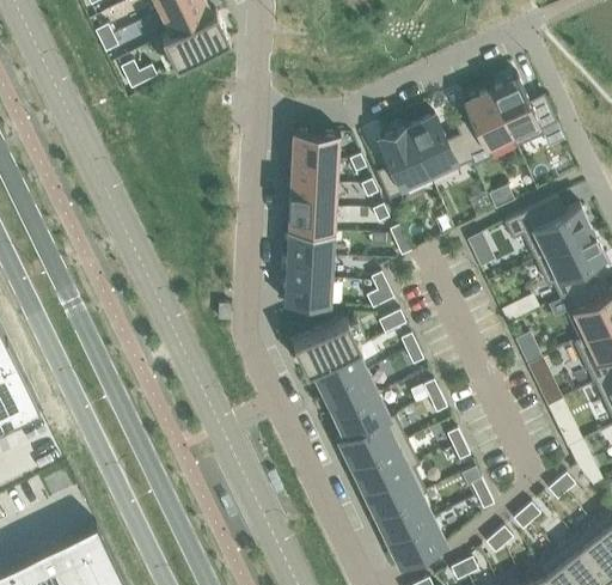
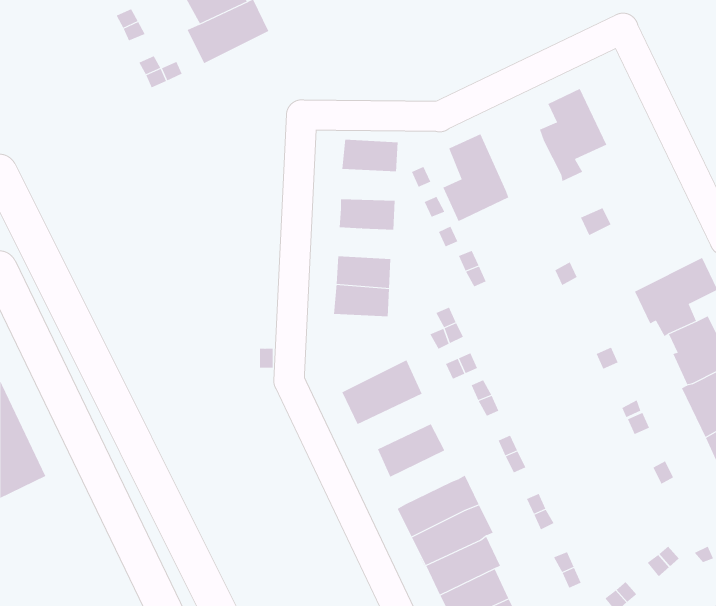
building: [492,77,561,148] -> none
building: [409,115,476,181] -> none
building: [290,157,338,183] -> none
building: [507,197,595,260] -> none
building: [288,206,336,232] -> none
building: [283,279,331,306] -> none
building: [311,348,367,392] -> none
building: [332,394,390,439] -> none

